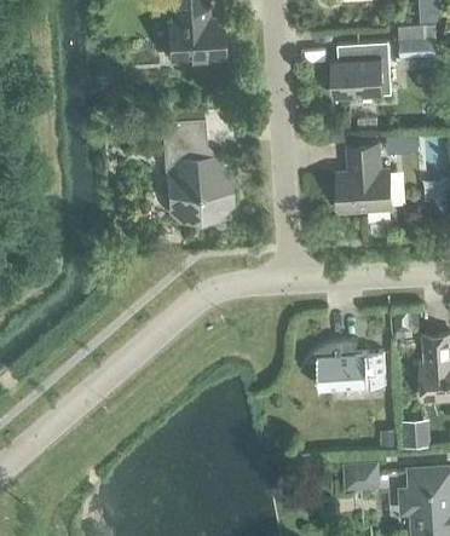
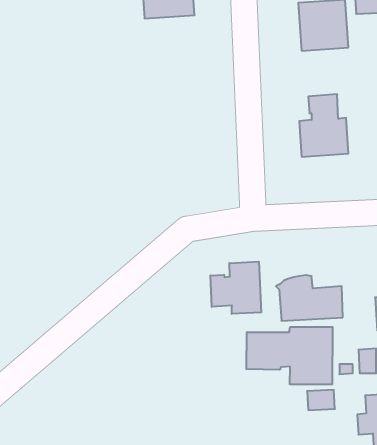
building: [161,119,232,223] -> none
building: none -> [210,262,261,314]
building: none -> [247,327,333,384]

